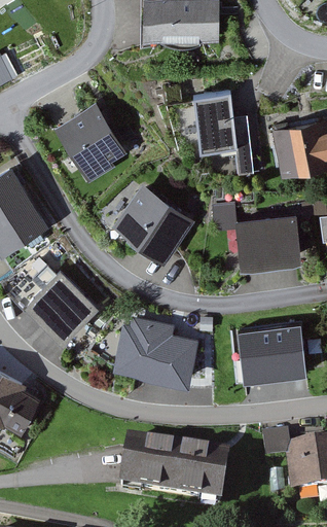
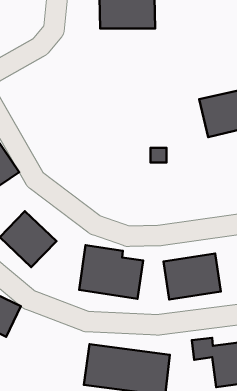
building: [187,92,247,174] -> none
building: [53,102,128,181] -> none
building: [114,185,194,261] -> none
building: [241,208,310,270] -> none

